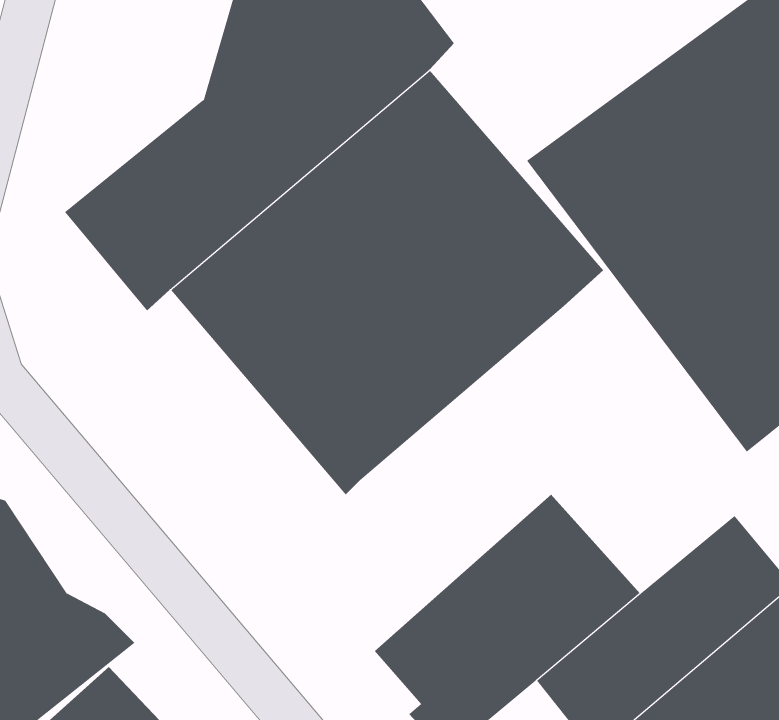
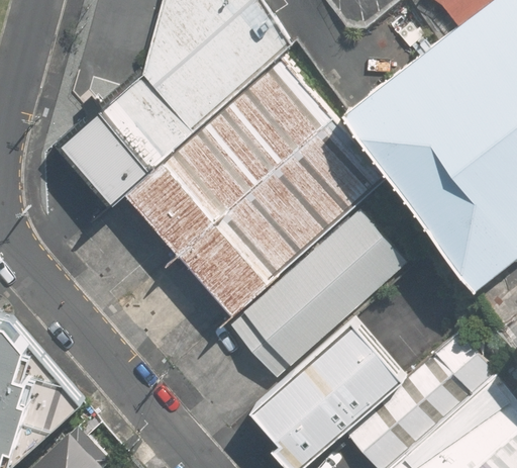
building: none -> [235,203,411,372]

